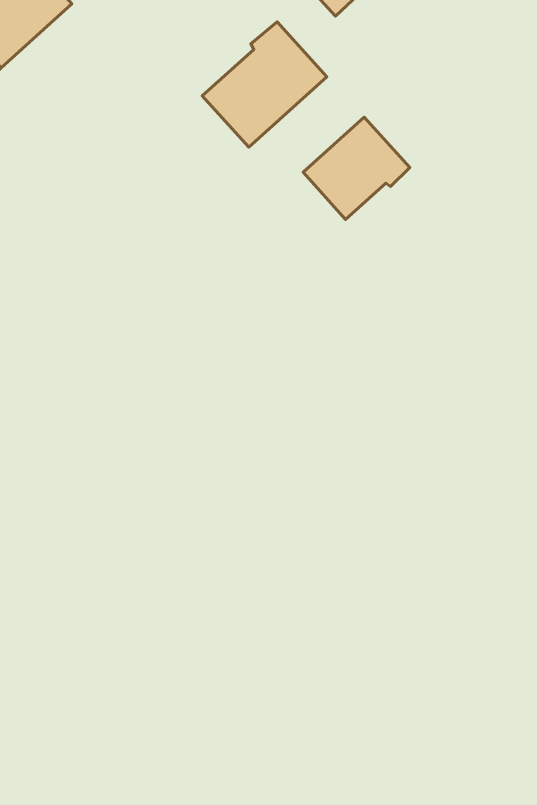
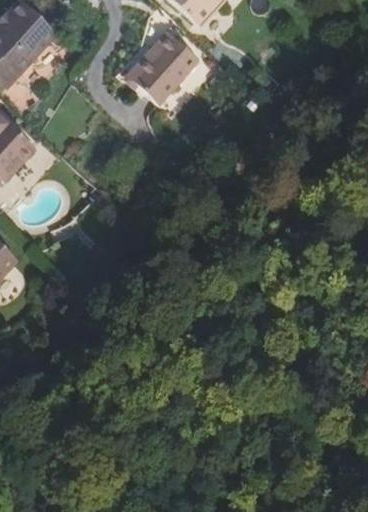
building: [303,117,410,219] -> none

